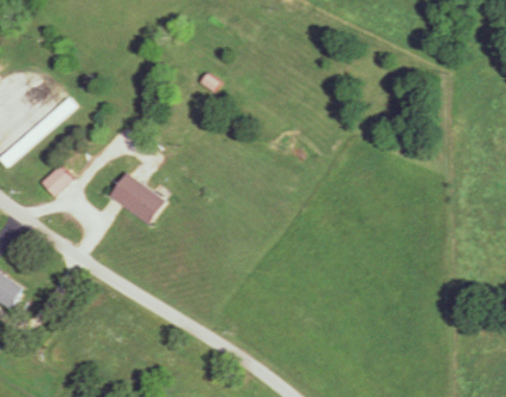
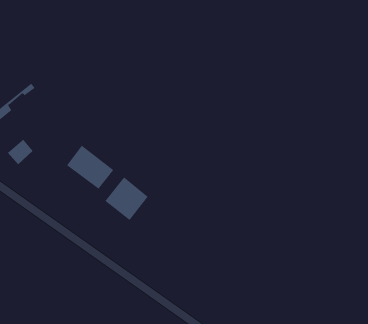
building: none -> [104,177,148,221]

